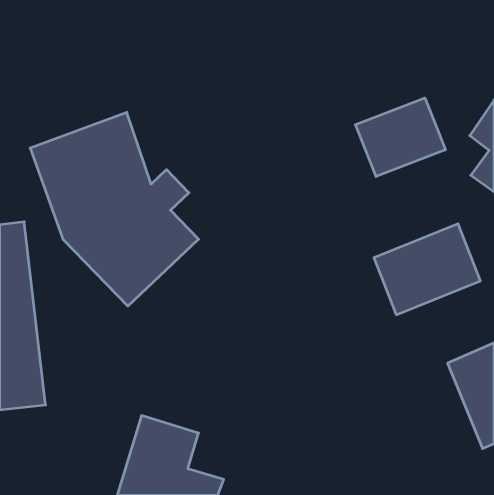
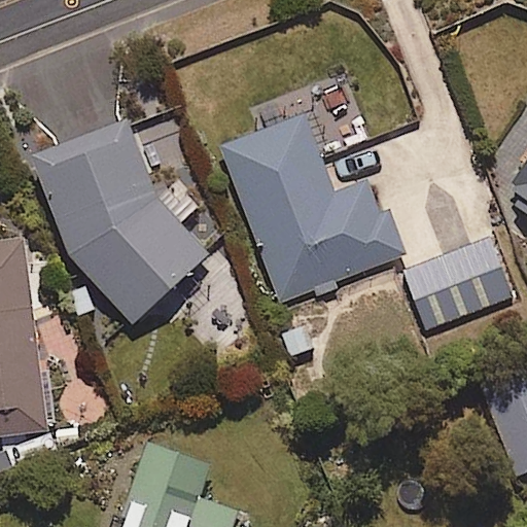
building: [355,98,445,177] -> none
building: none -> [217,116,401,304]

